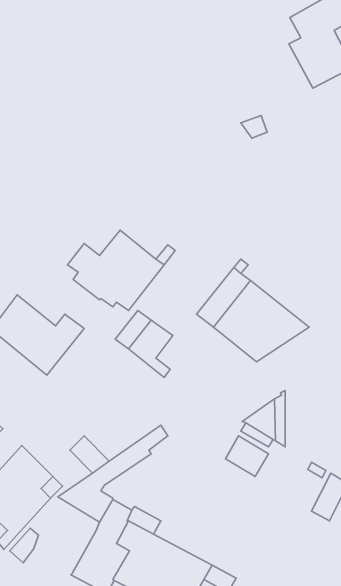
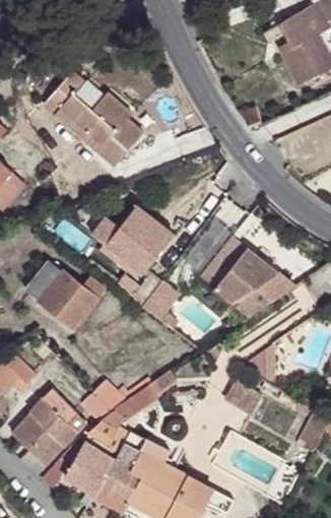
building: none -> [44,70,143,167]
building: none -> [64,441,115,502]

